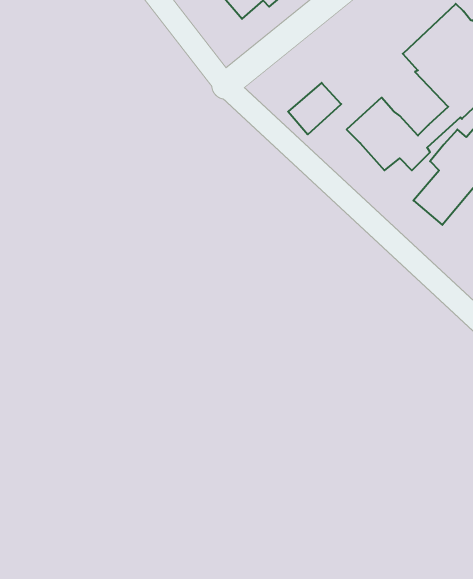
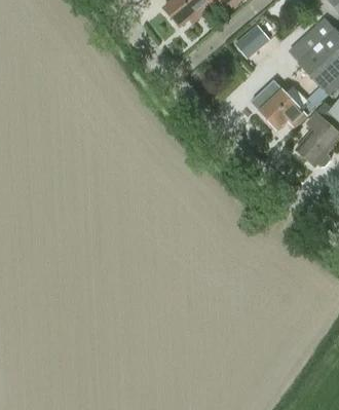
building: [288,83,341,134] -> [234,24,270,59]

